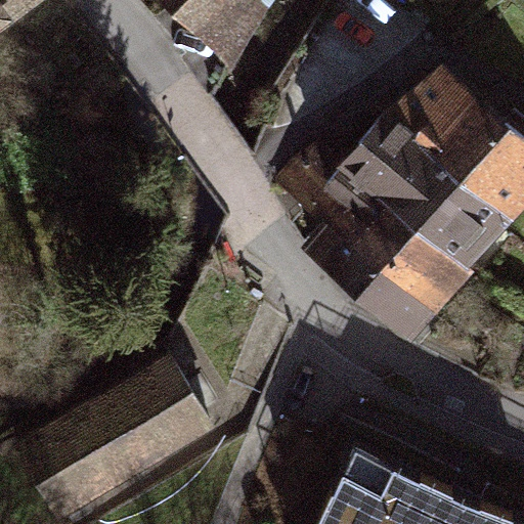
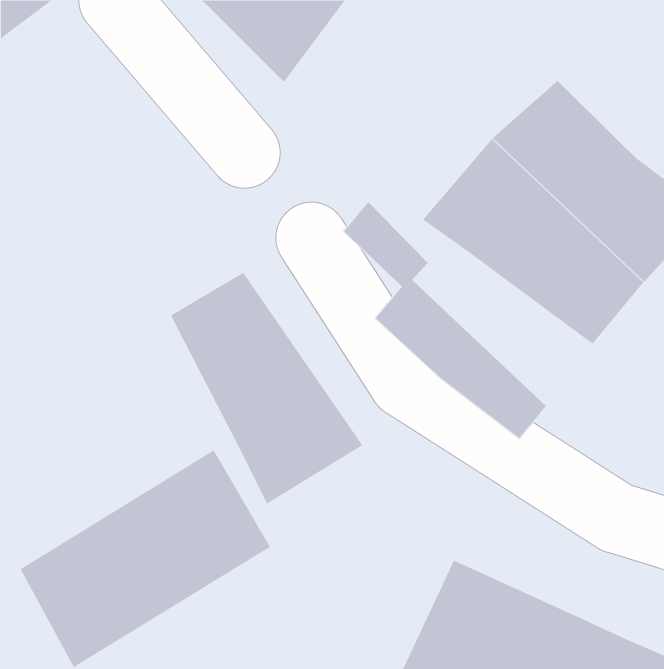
building: [293,139,468,318] -> none
building: none -> [170,272,363,505]

